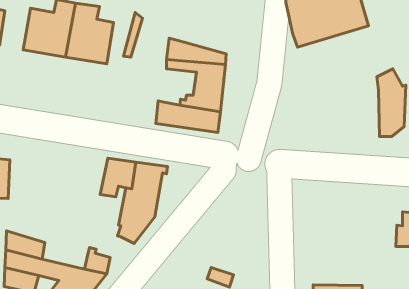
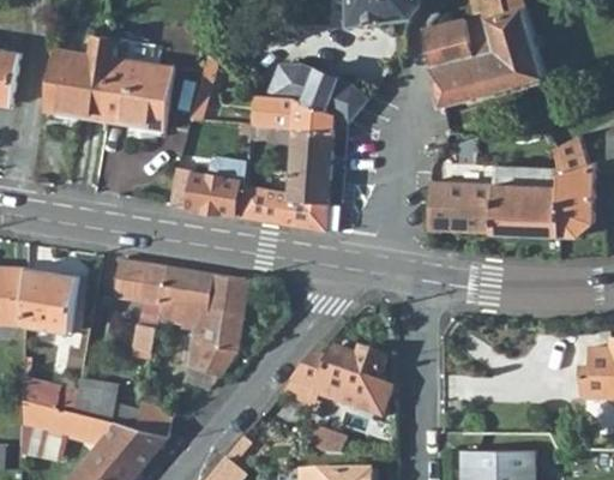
building: none -> [267,66,369,119]
building: none -> [170,155,247,216]
building: none -> [427,166,559,235]
building: none -> [112,258,165,355]
building: none -> [22,269,77,332]
building: none -> [277,348,389,416]
building: none -> [71,372,137,427]

